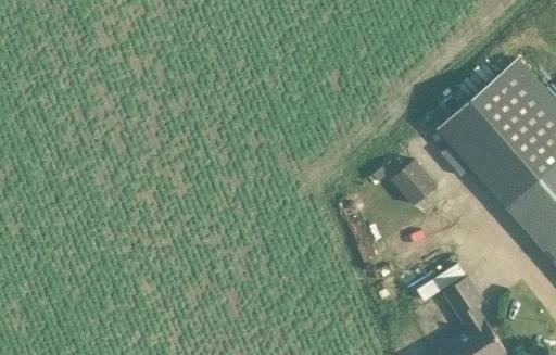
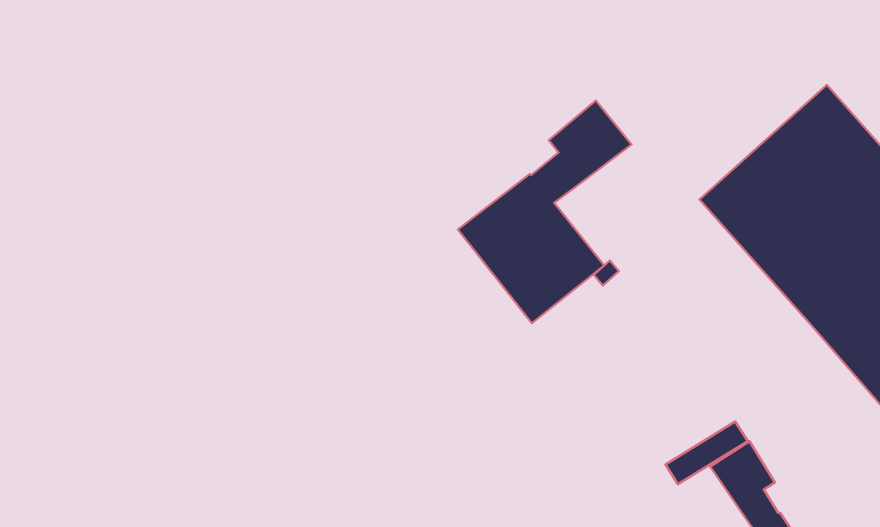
building: none -> [458,100,632,323]
building: [390,157,438,206] -> none

